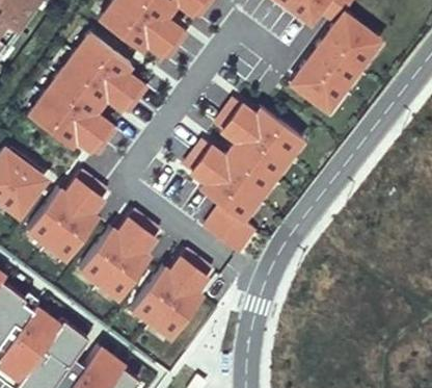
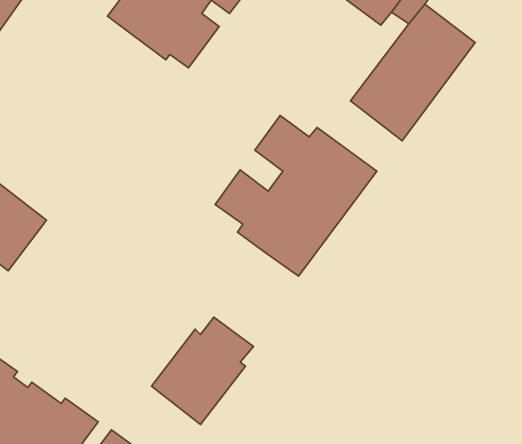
building: [27,31,145,154] -> none
building: [28,176,107,261] -> none
building: [203,204,258,256] -> none
building: [79,215,159,300] -> none

